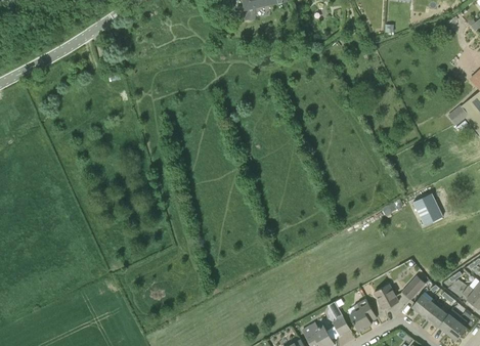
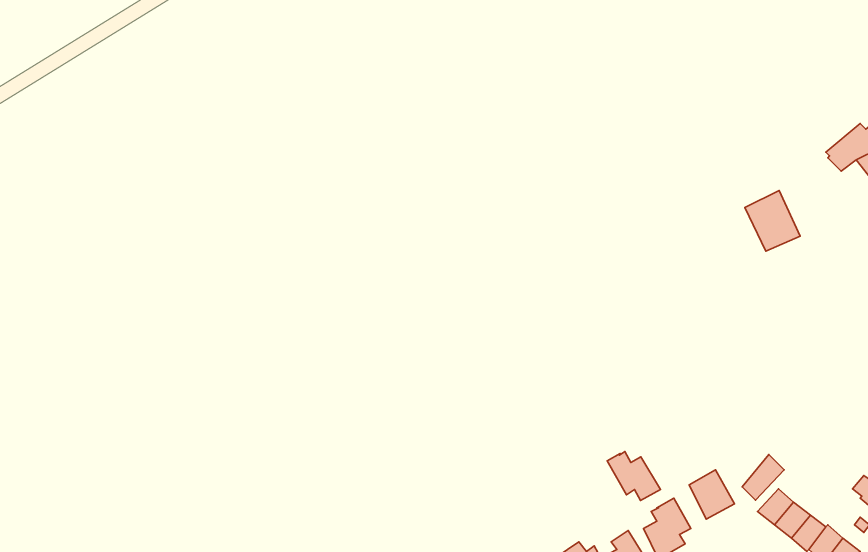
building: [412,192,442,225] -> [745,190,800,251]
building: none -> [607,451,661,501]

